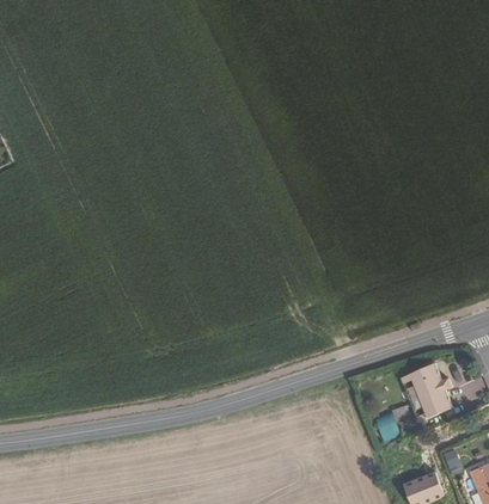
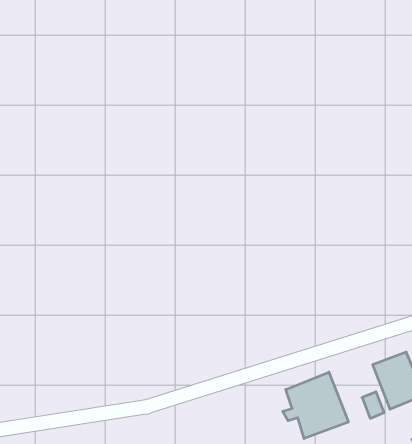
building: none -> [283,372,348,439]

